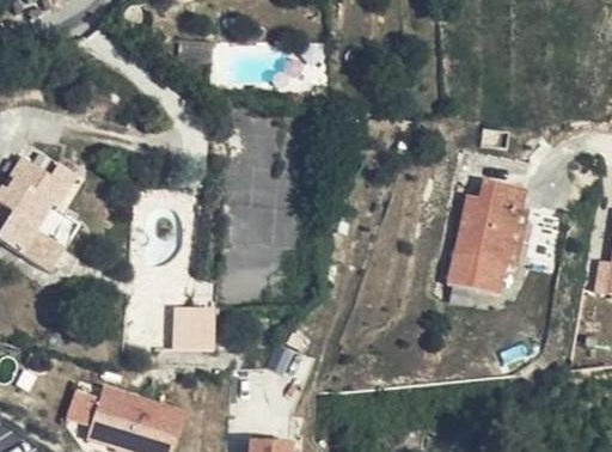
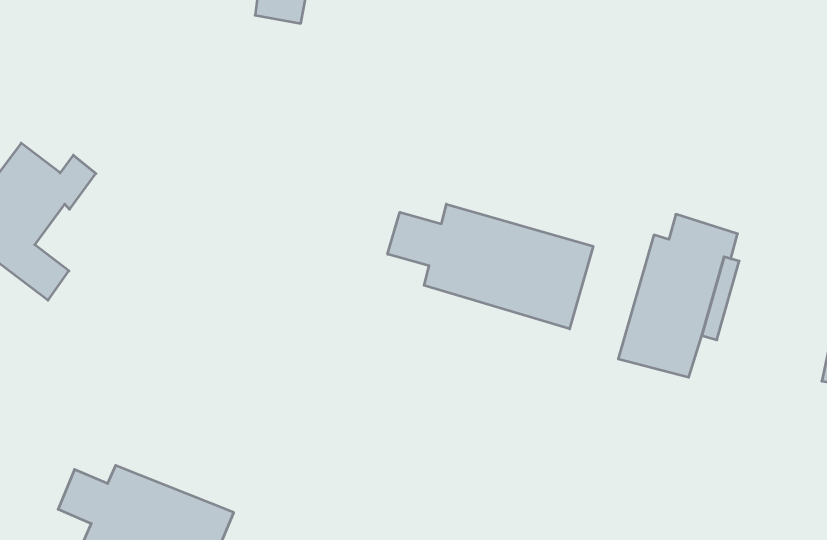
building: none -> [388,204,593,329]
building: [158,311,215,349] -> none

